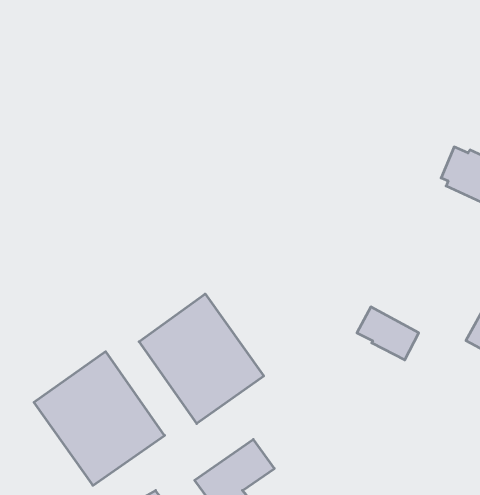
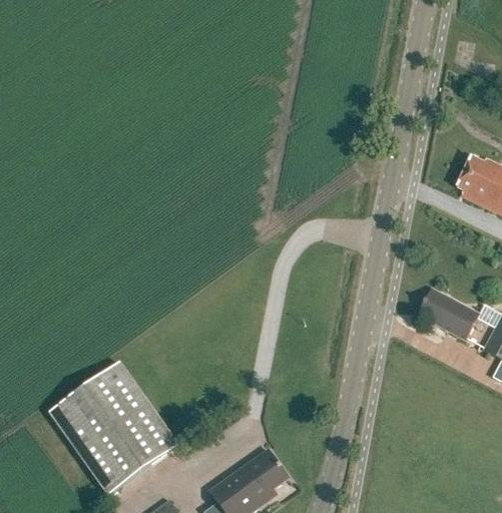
building: [139,294,264,424] -> none
building: [357,307,419,360] -> [419,287,481,340]

